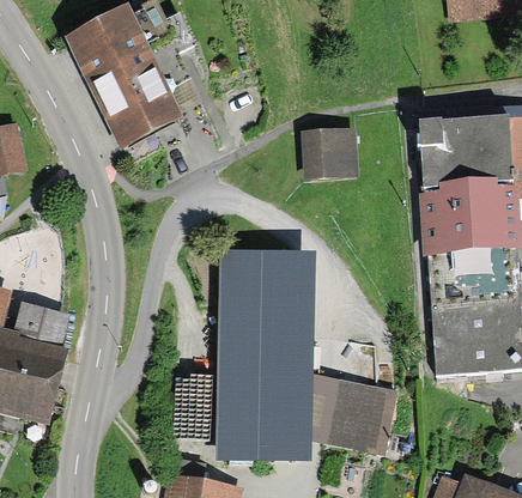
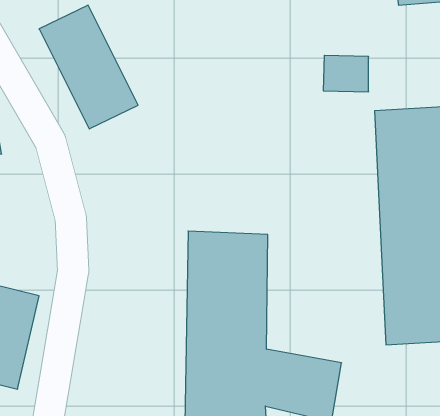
building: [303,132,351,170] -> [323,55,369,92]

